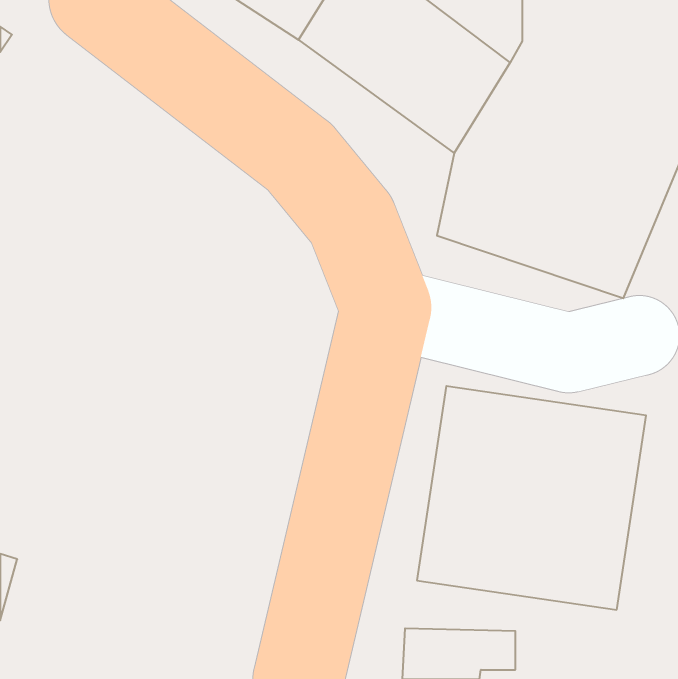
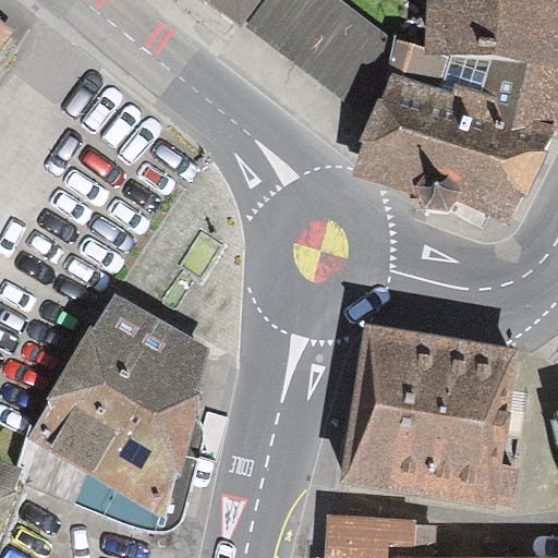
building: none -> [26,294,213,517]

